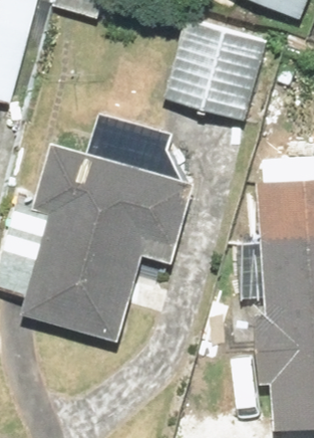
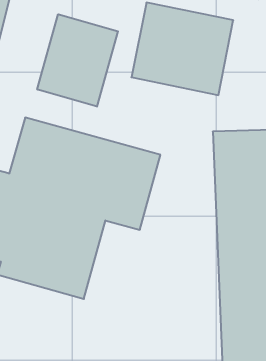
building: none -> [37,14,118,107]

